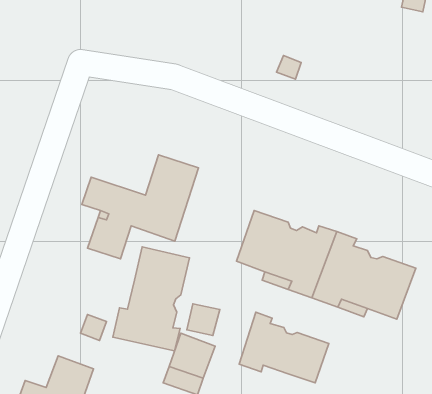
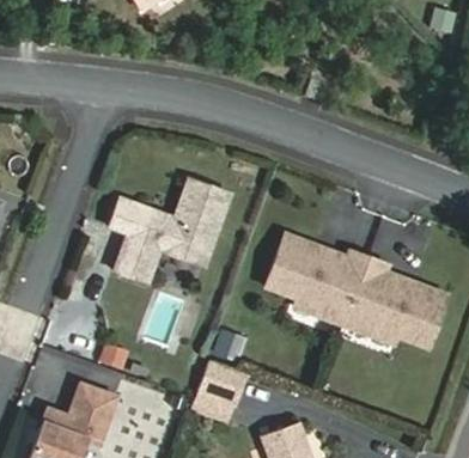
building: [113,247,190,351] -> none
building: [239,312,329,383] -> none

